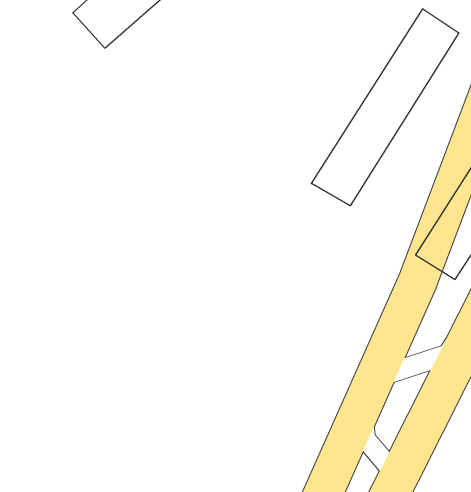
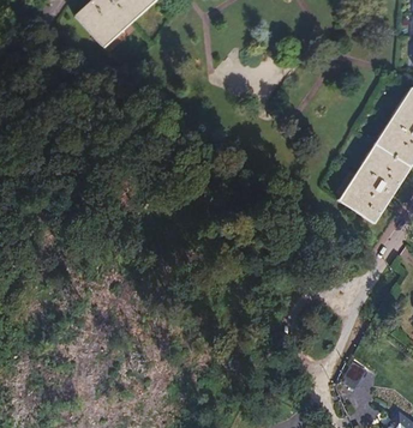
building: [311,9,459,206] -> none

